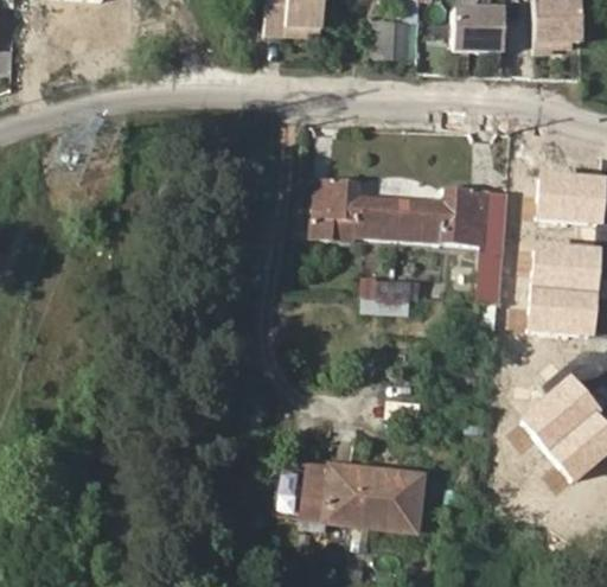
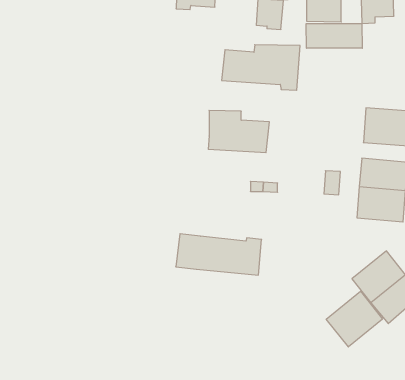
building: none -> [306,24,362,48]
building: [397,186,510,251] -> [222,45,300,90]
building: none -> [326,291,382,347]
building: [294,466,417,525] -> [176,234,262,275]

